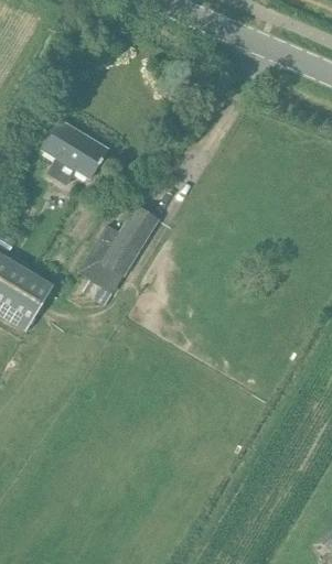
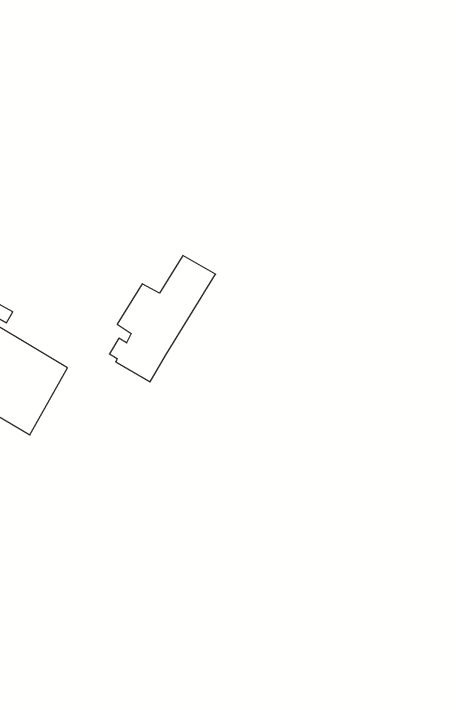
building: [43,120,107,185] -> none

